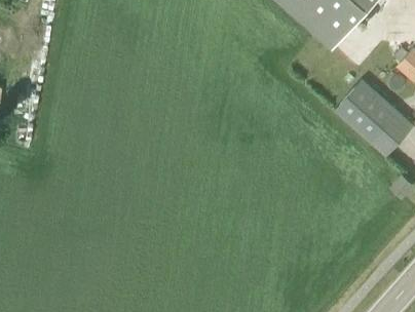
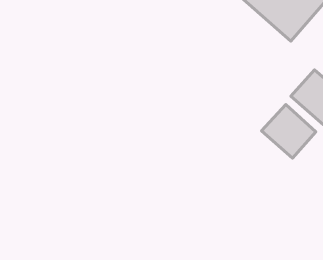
building: none -> [262,104,316,158]

